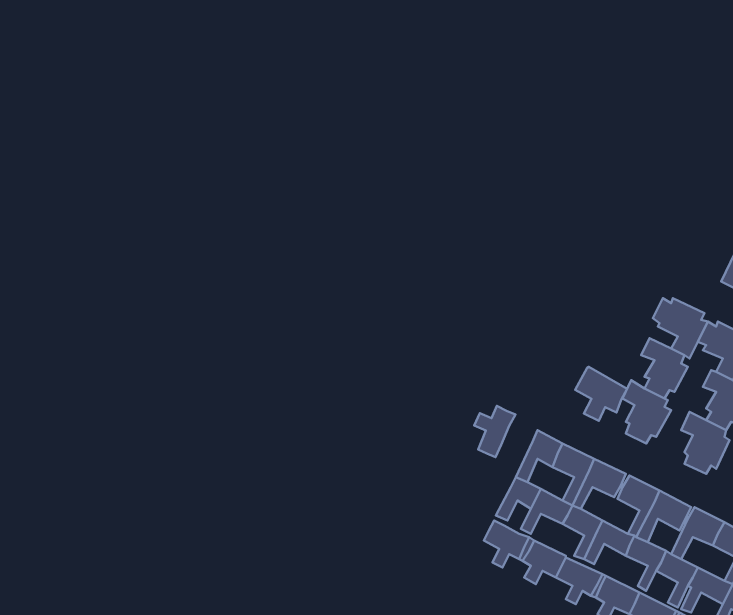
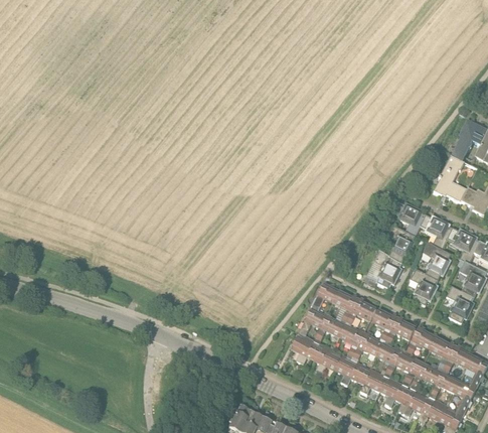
building: [575,367,627,421] -> none
building: [474,406,515,457] -> none

